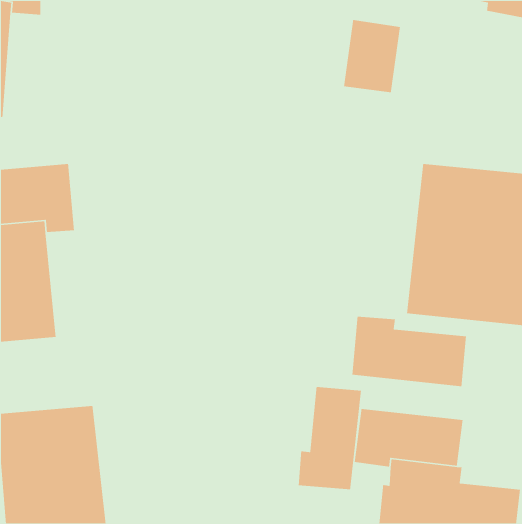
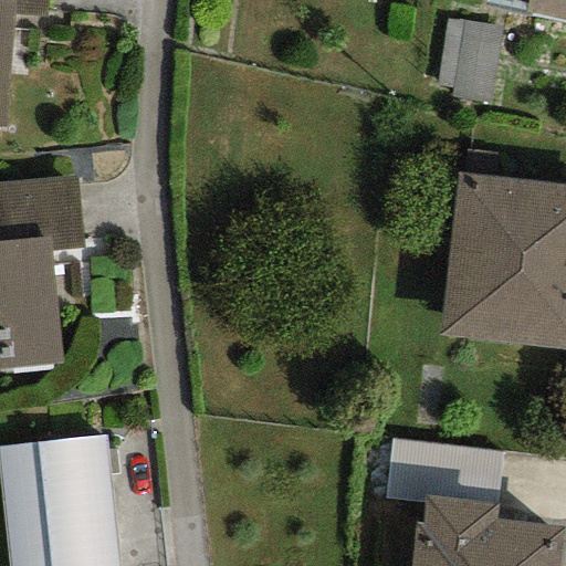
building: [343,19,401,93] -> [441,12,503,92]
building: [351,316,467,387] -> none
building: [298,386,362,490] -> none

